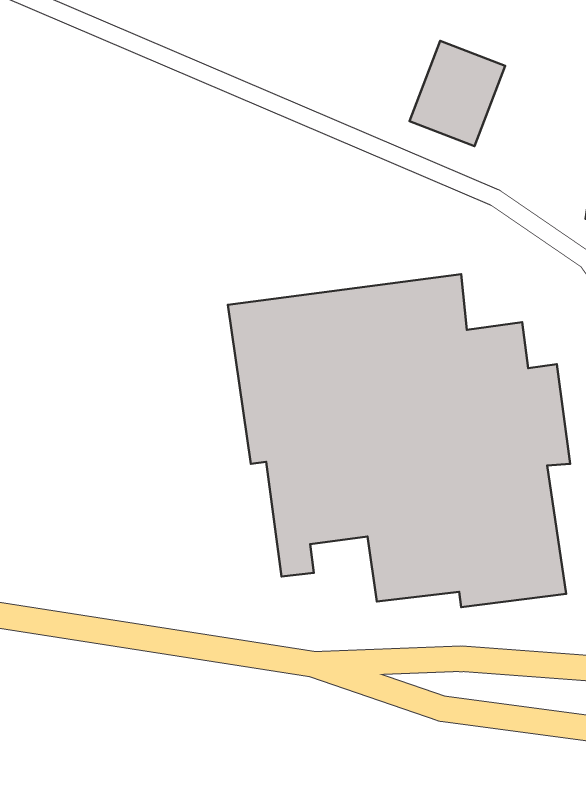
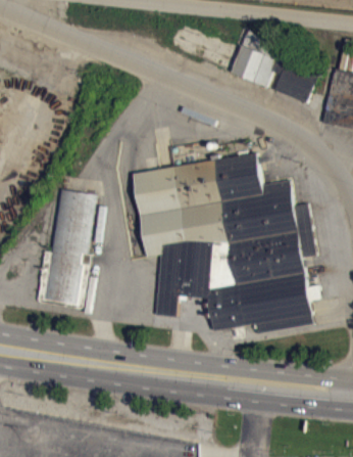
building: none -> [271,57,317,102]
building: none -> [37,188,95,305]

